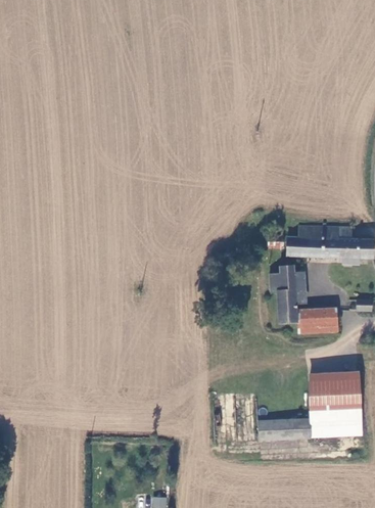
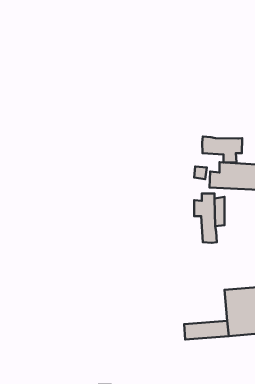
building: none -> [202,136,242,163]
building: [289,306,336,335] -> none

